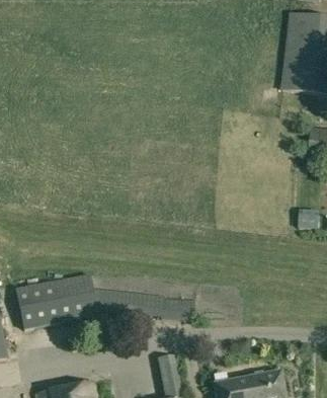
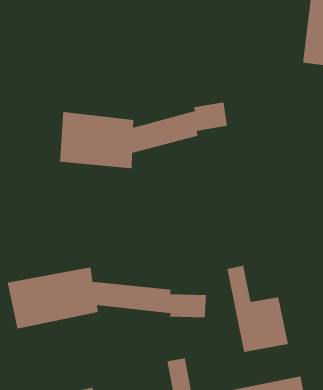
building: none -> [59,102,228,169]
building: none -> [227,265,289,353]

